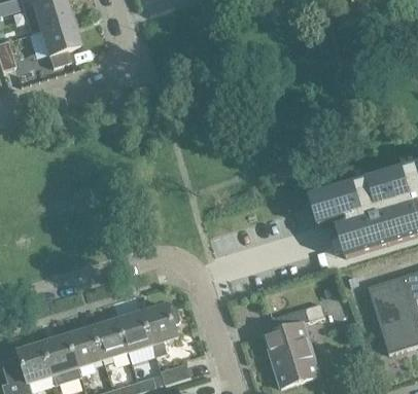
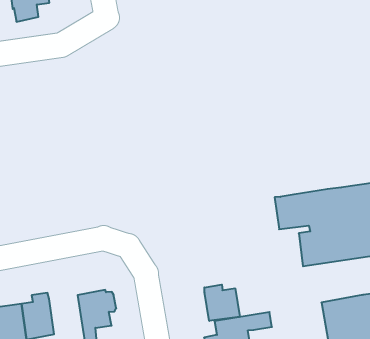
building: none -> [204,285,240,321]
building: [117,310,152,349] -> none

